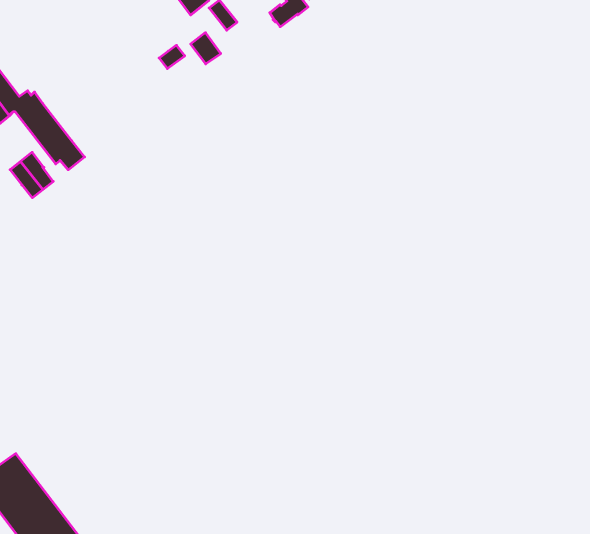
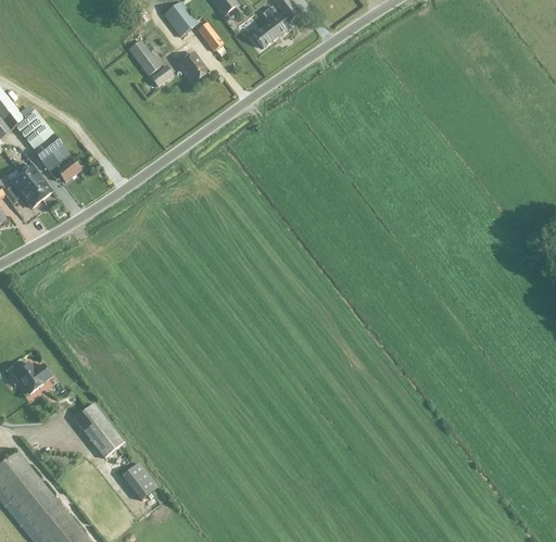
building: none -> [126,39,160,75]
building: none -> [12,362,49,393]
building: none -> [72,402,124,457]
building: none -> [119,463,154,500]

